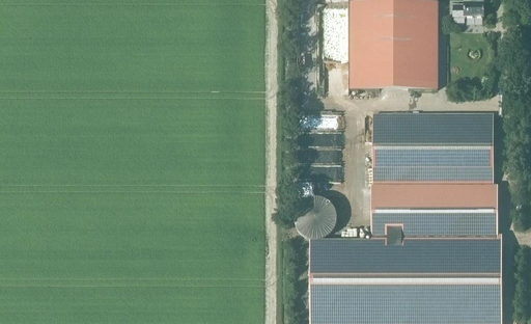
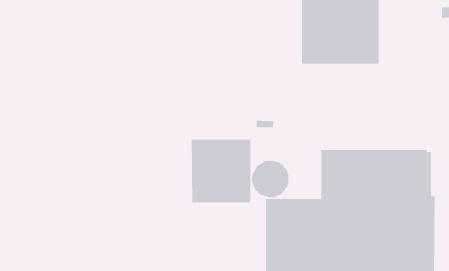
building: [372,111,492,183] -> none
building: none -> [191,139,251,203]

